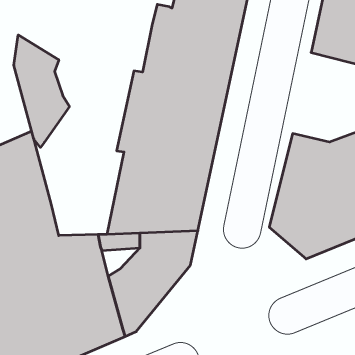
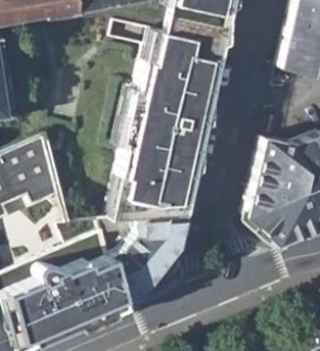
building: [14,35,69,147] -> none

